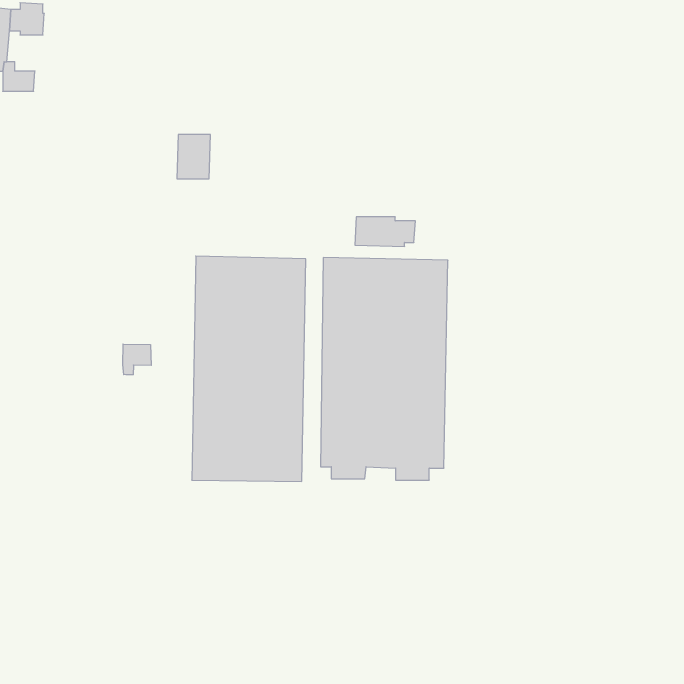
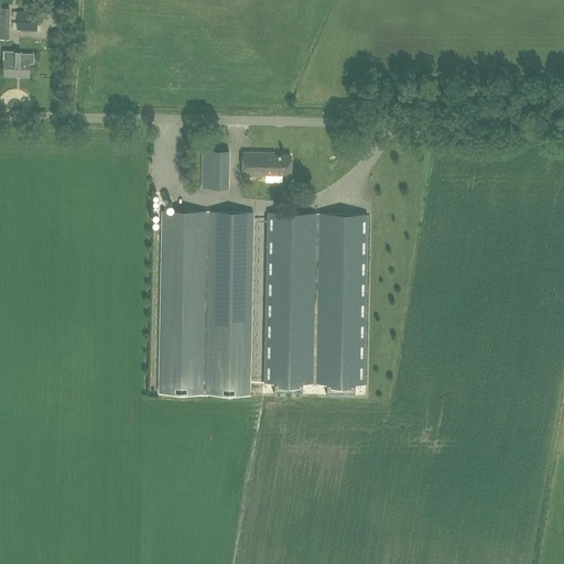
building: [177,135,210,179] -> [200,149,228,185]
building: [355,217,415,246] -> [240,151,290,175]
building: [123,344,151,375] -> none

